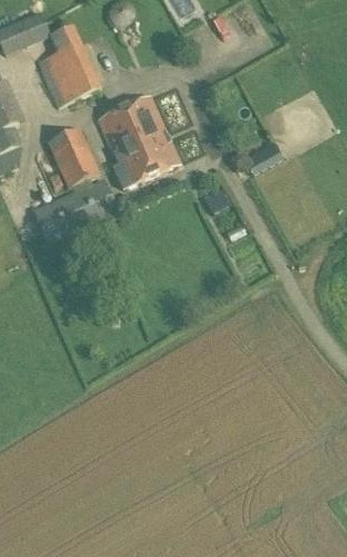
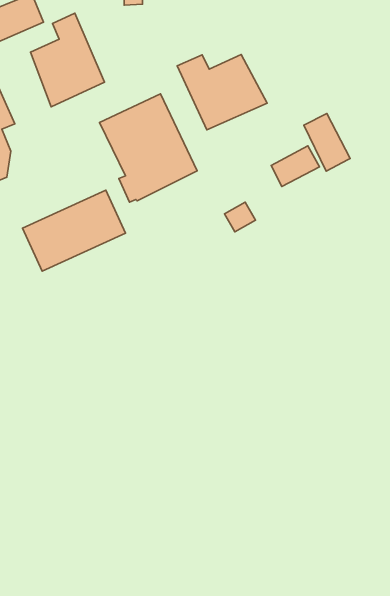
building: none -> [177,55,267,130]
building: none -> [304,113,350,171]
building: [46,126,99,187] -> none

